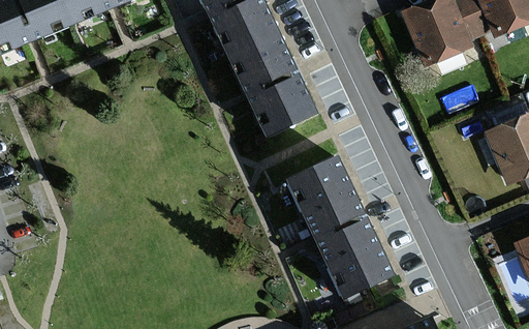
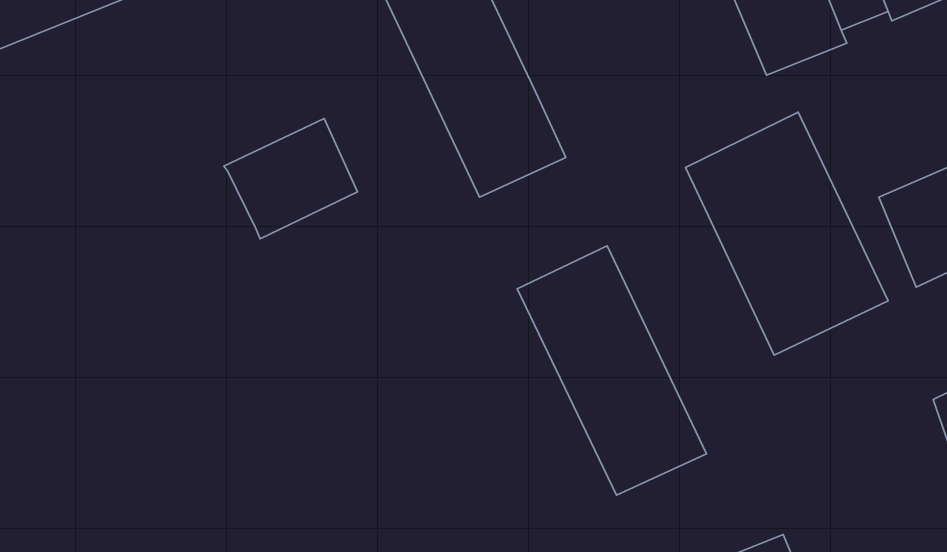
building: none -> [686,112,888,355]
building: none -> [224,119,357,239]

